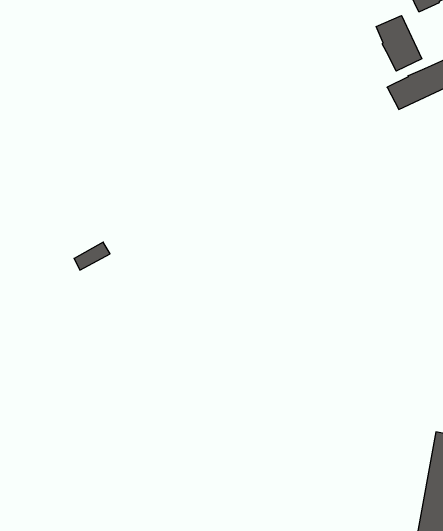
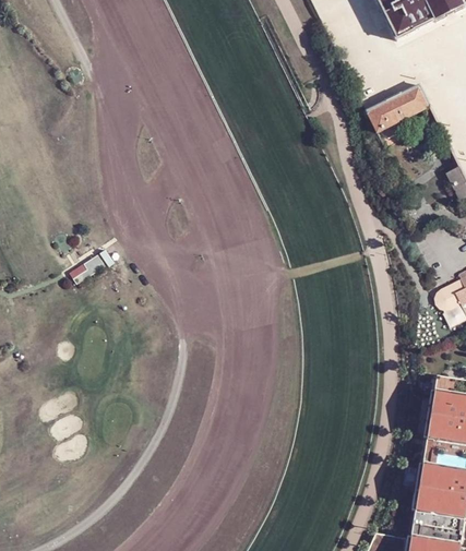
building: [376,16,422,71] -> none

